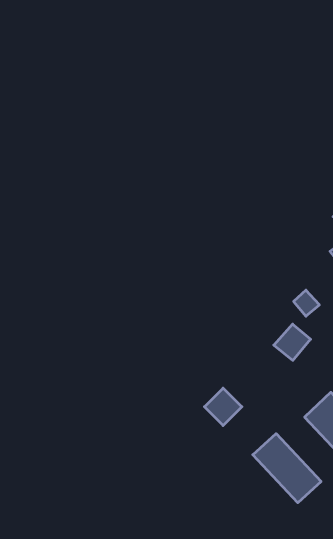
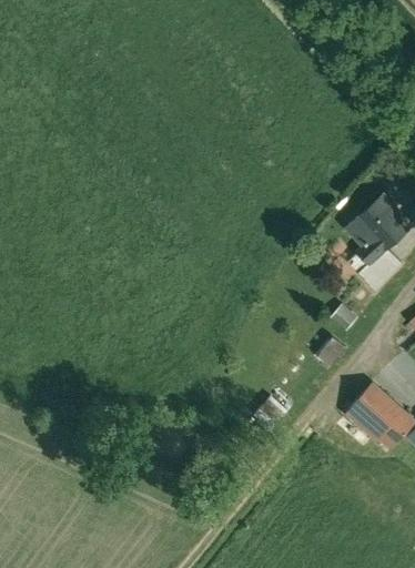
building: [253,434,321,503] -> none

